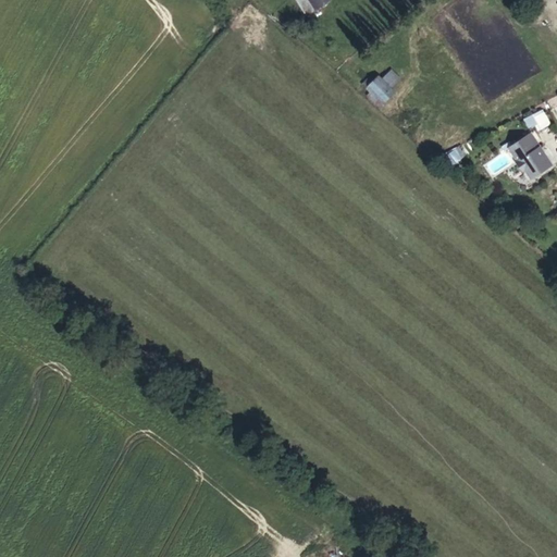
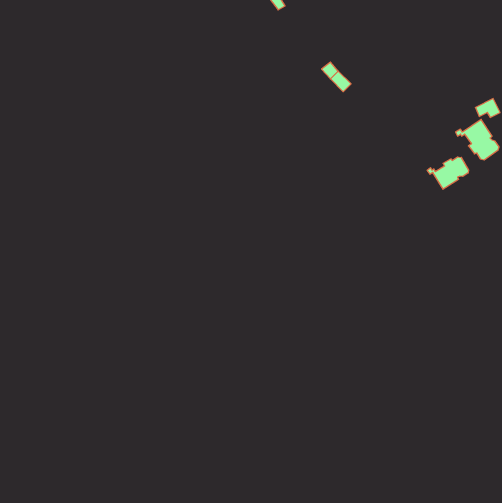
building: none -> [427,157,469,189]

